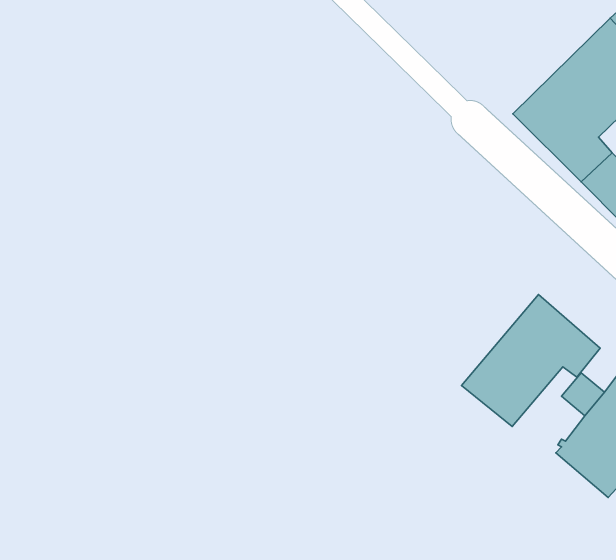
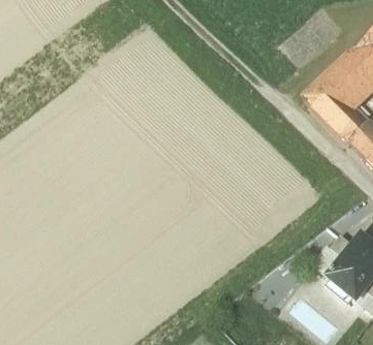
building: [461,295,600,427] -> none

